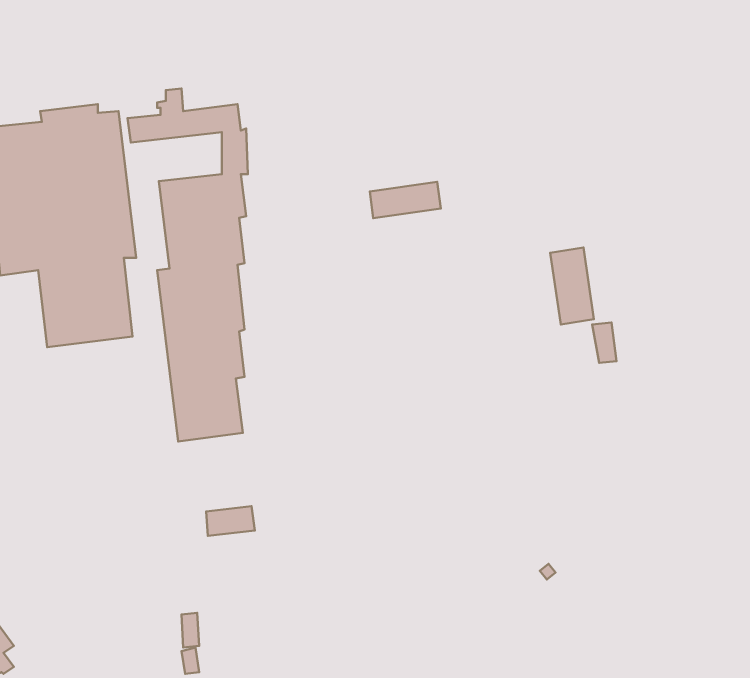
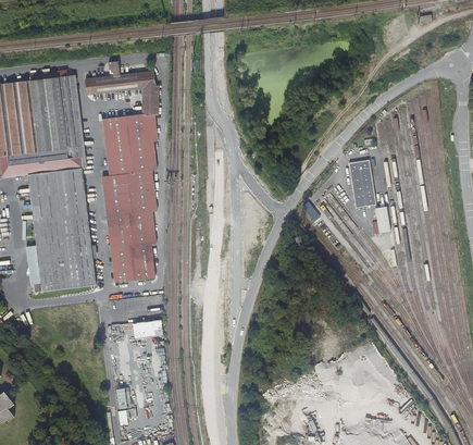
building: [370,182,441,218] -> none
building: none -> [27,214,96,292]

